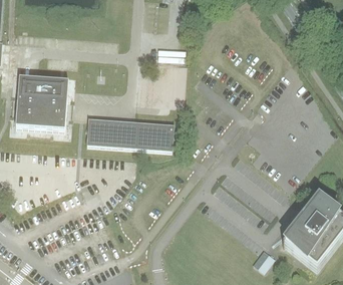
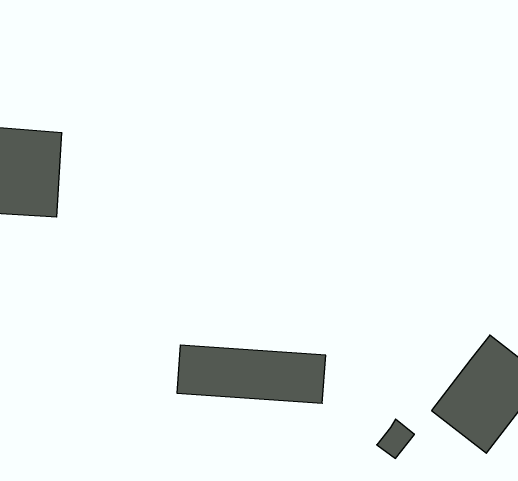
building: [85,117,173,152] -> [177,345,326,403]

